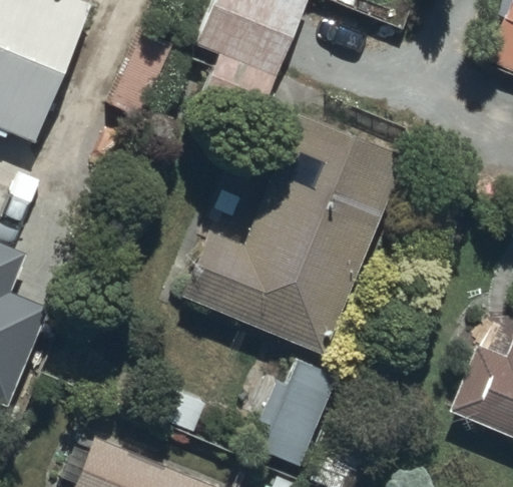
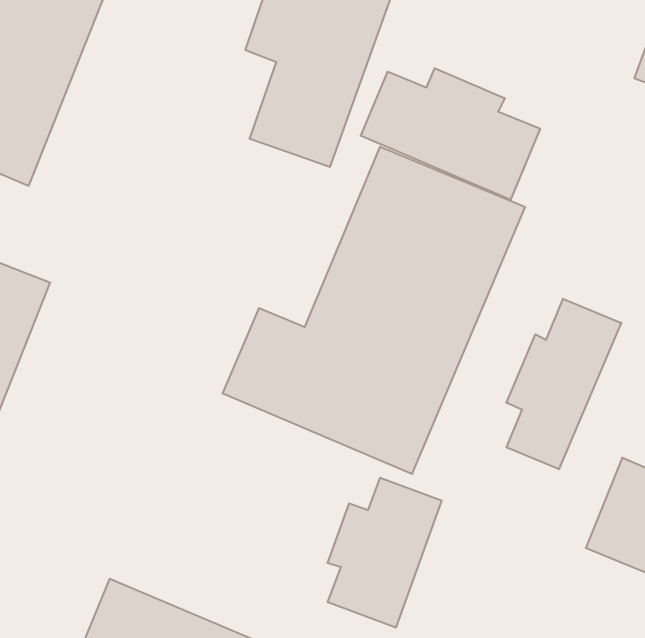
building: none -> [361,68,540,200]
building: none -> [506,299,621,469]

